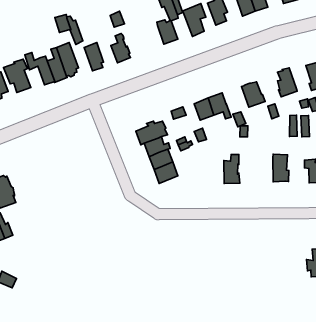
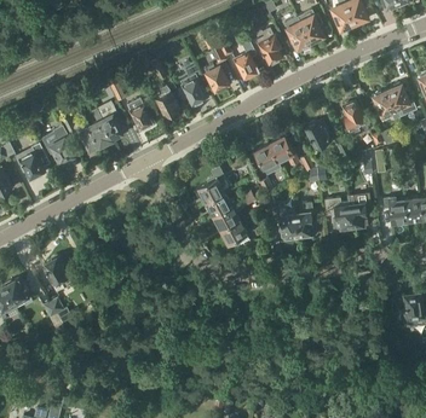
building: none -> [177,63,205,103]
building: none -> [324,197,352,227]
building: none -> [276,204,299,237]

